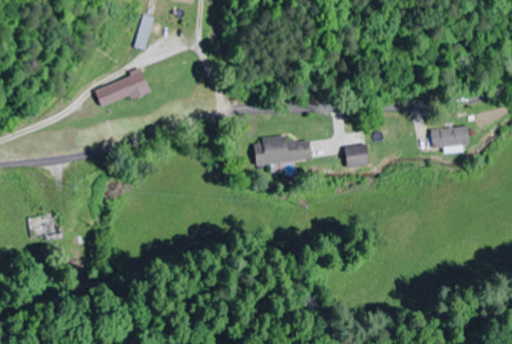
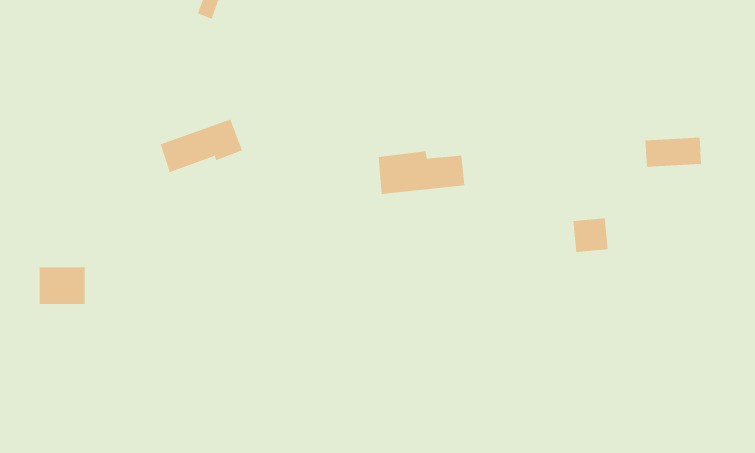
building: [95,71,150,107] -> [160,119,243,173]
building: [345,144,369,167] -> [572,218,609,253]

